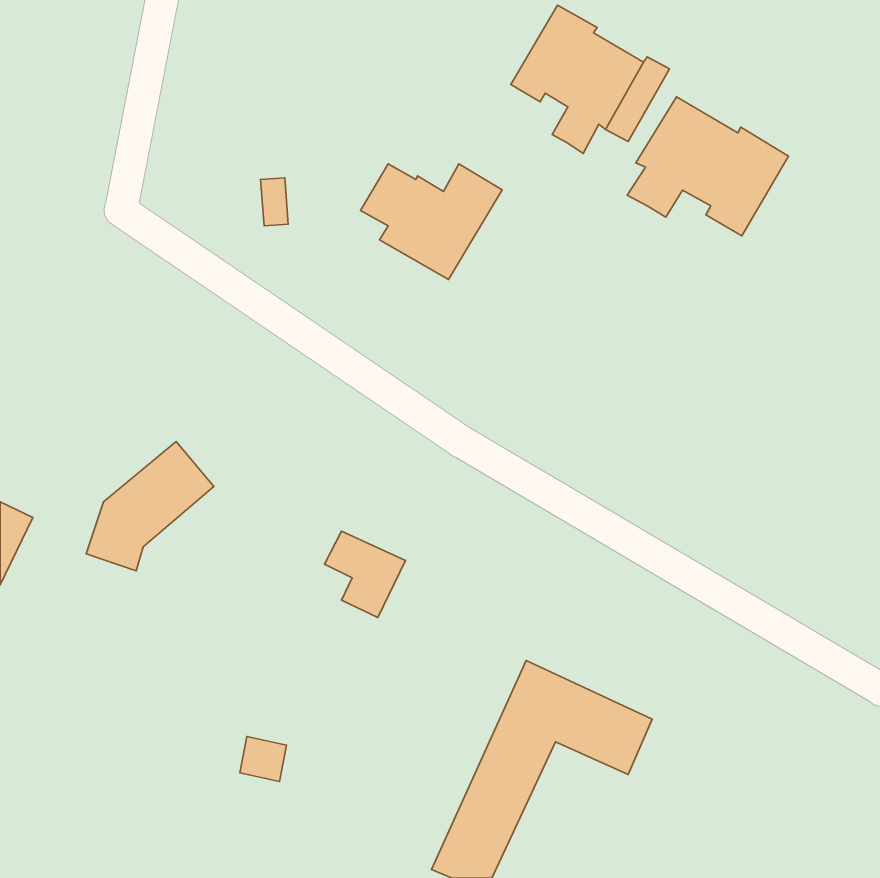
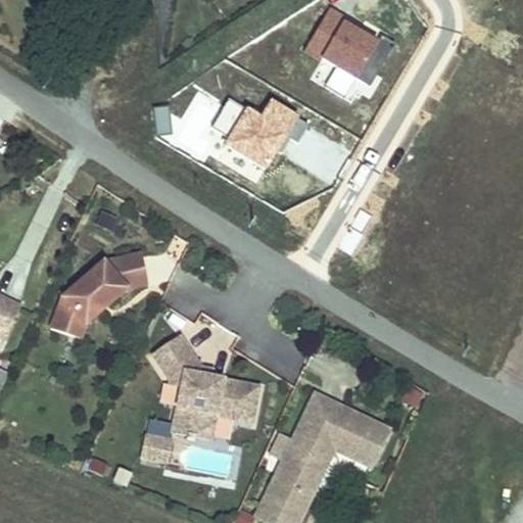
building: [627,97,789,236] -> none
building: none -> [105,253,149,288]
building: none -> [153,337,259,439]

